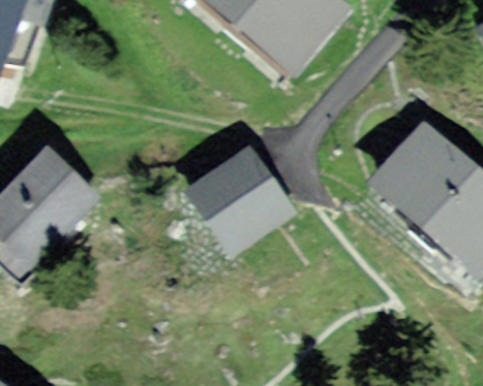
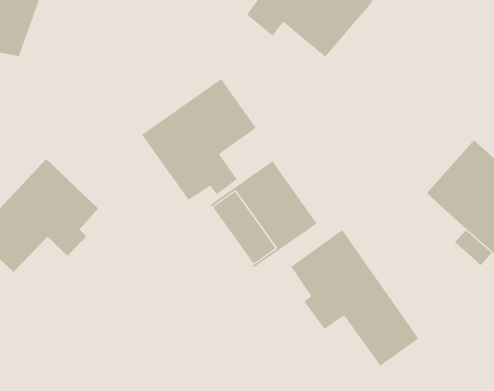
building: none -> [141,78,256,201]
building: none -> [290,229,419,366]

